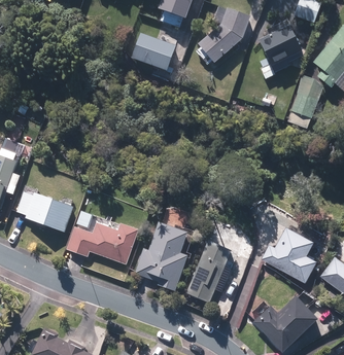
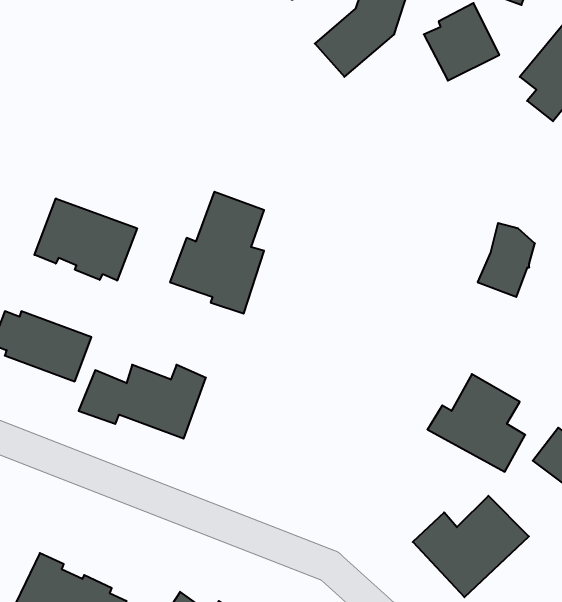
building: [131,32,175,70] -> none
building: [289,75,321,116] -> [478,223,535,297]
building: none -> [34,198,137,281]
building: [134,222,186,290] -> [170,192,264,314]
building: [186,241,231,301] -> none

